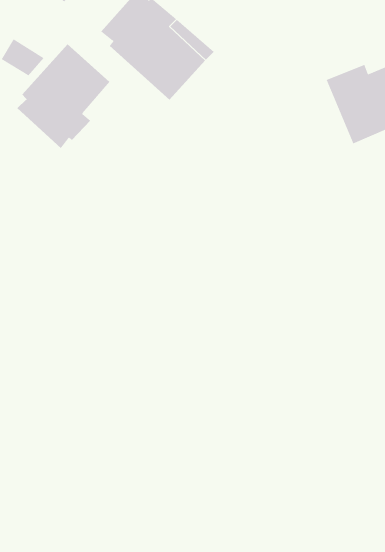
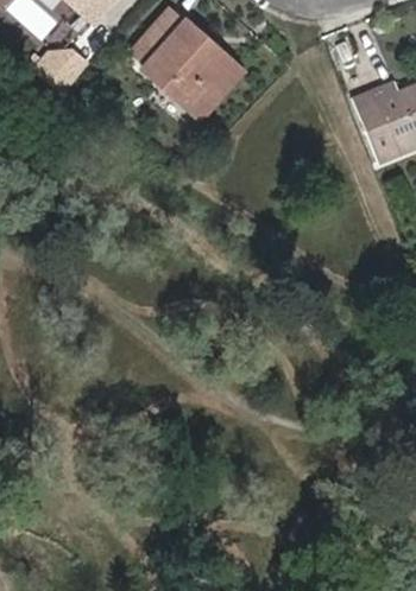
building: [17,44,110,149] -> none

